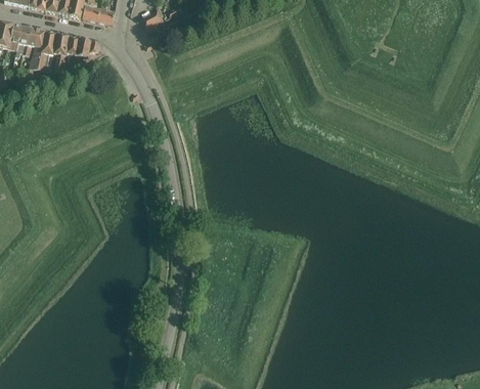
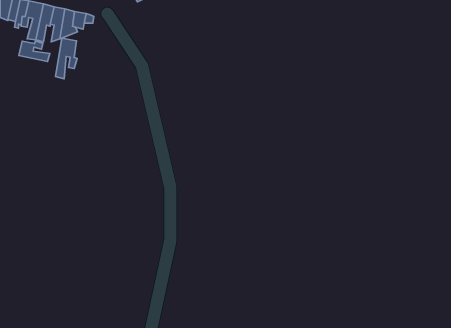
building: none -> [55,38,77,79]
building: none -> [19,41,50,62]

